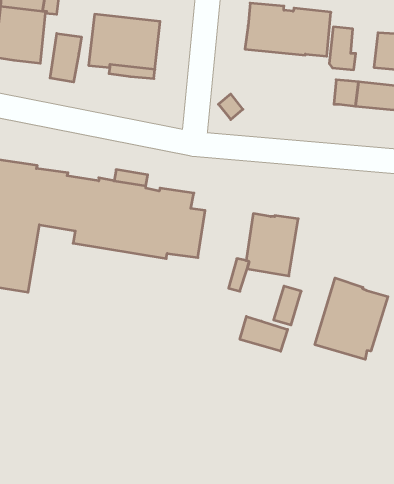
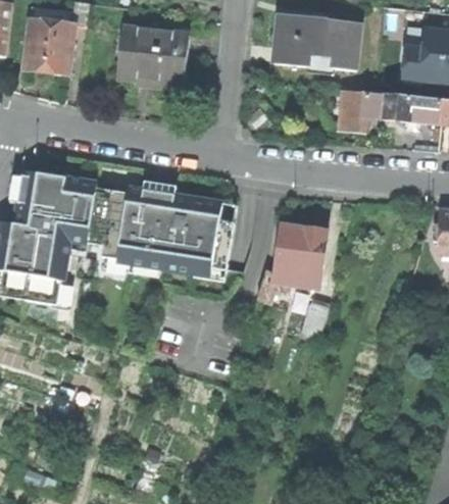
building: [329,27,356,70] -> [341,89,367,132]
building: [50,33,81,82] -> none
building: [315,278,388,359] -> none
building: [240,316,288,351] -> none

